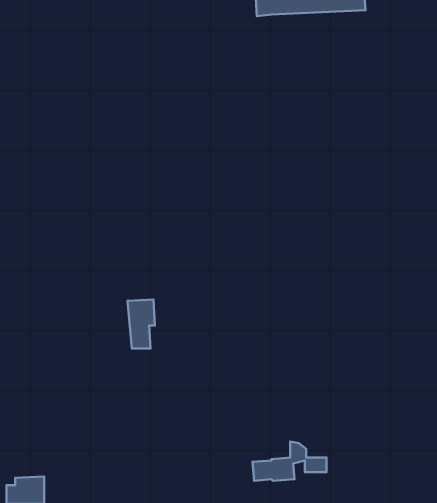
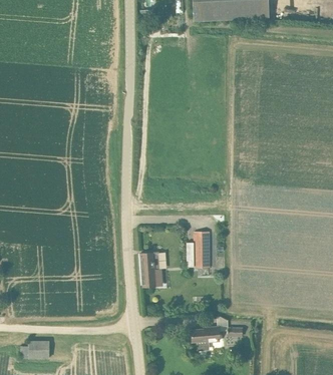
building: [127,299,155,349] -> [140,253,159,287]
building: none -> [195,233,211,268]

